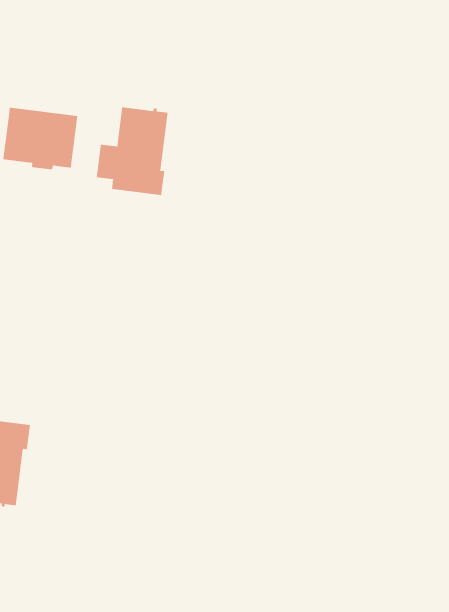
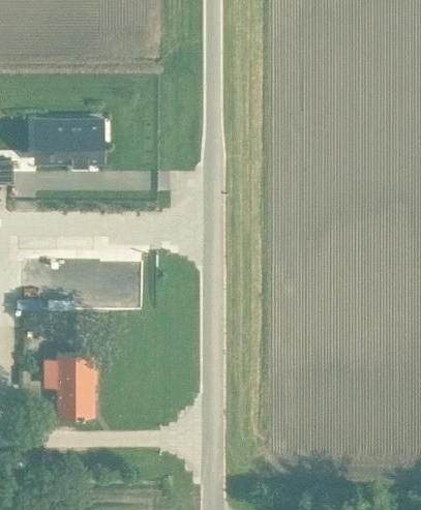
building: [96,106,168,196] -> none

